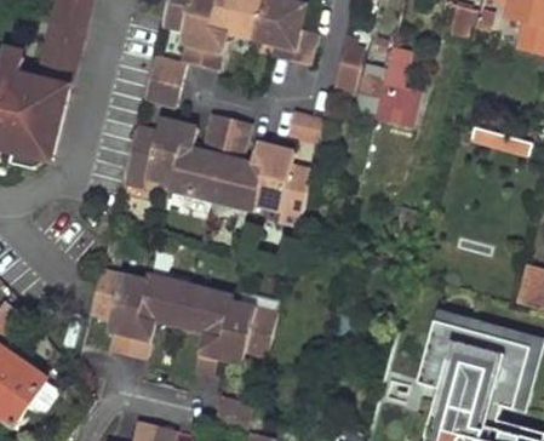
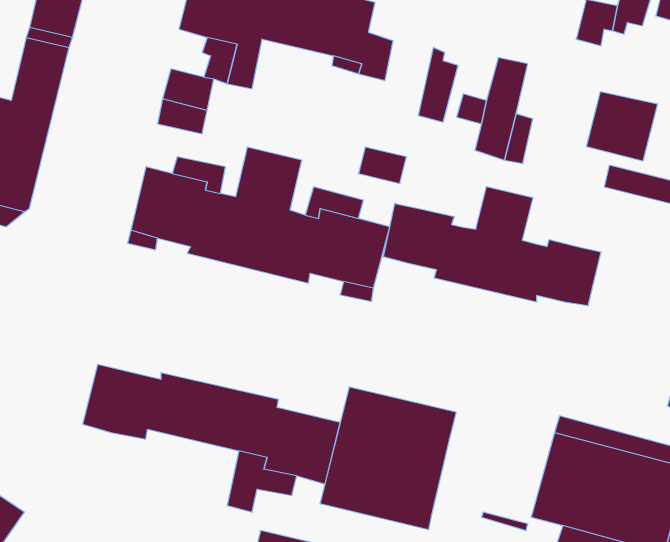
building: none -> [587,92,658,161]
building: none -> [384,187,601,306]
building: none -> [320,387,456,530]
building: [108,317,158,361] -> none

